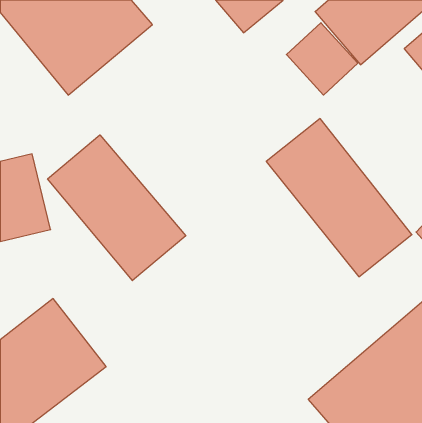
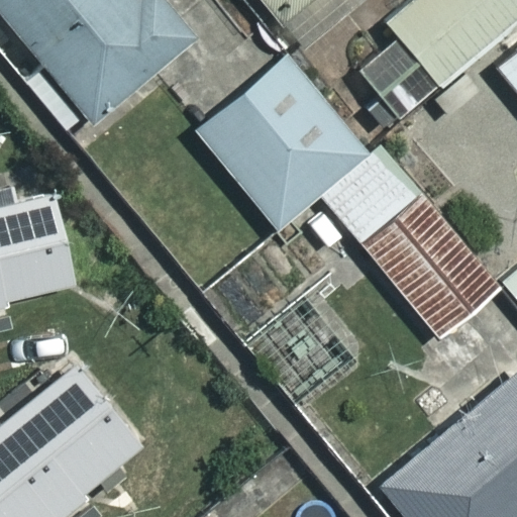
building: none -> [196,55,369,229]
building: [48,135,186,281] -> none

